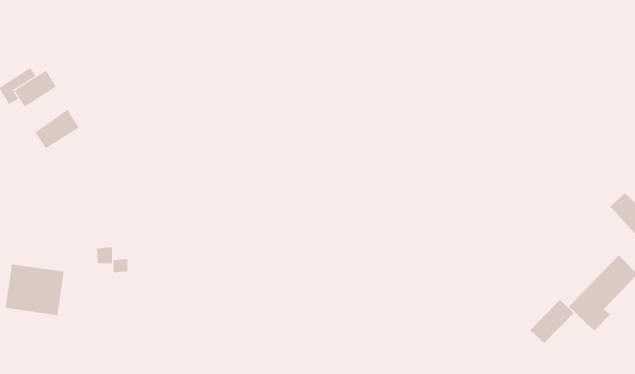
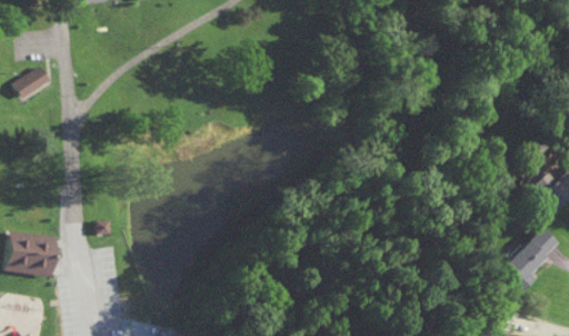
building: [34,109,80,149] -> none
building: [530,299,575,344] -> none

